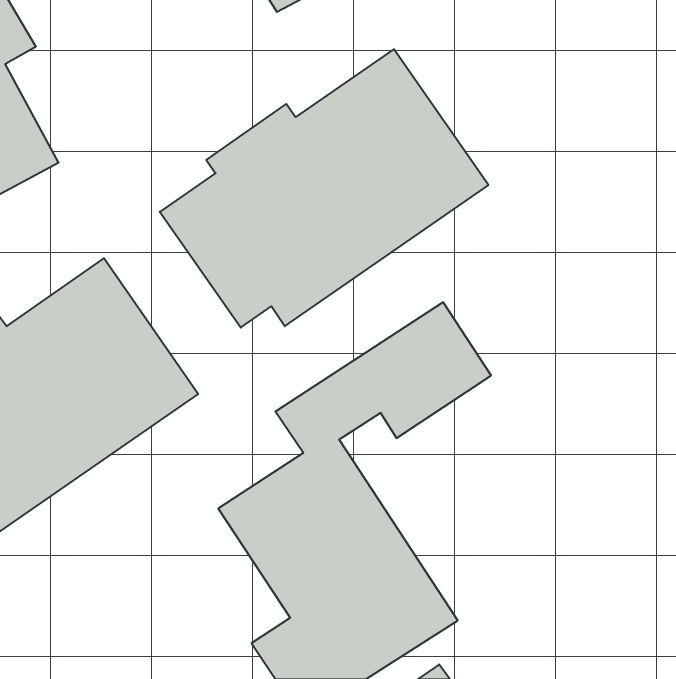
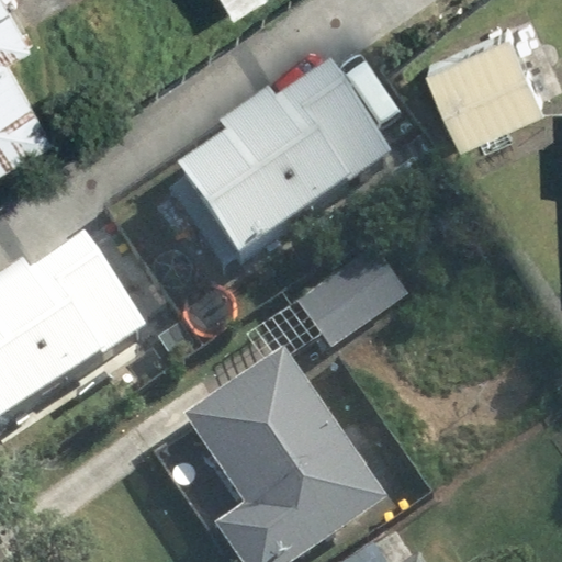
building: none -> [420,23,542,144]

